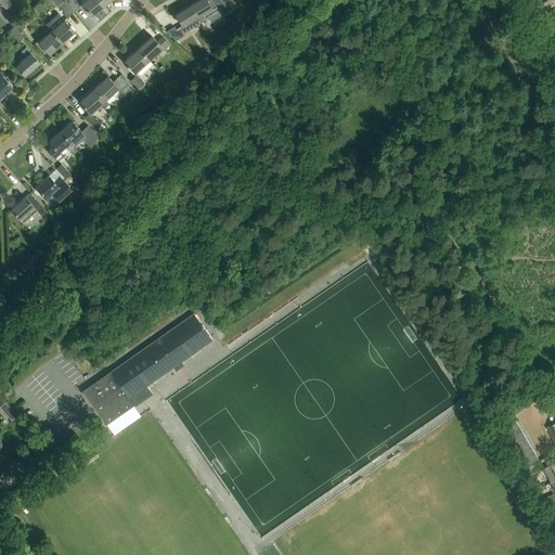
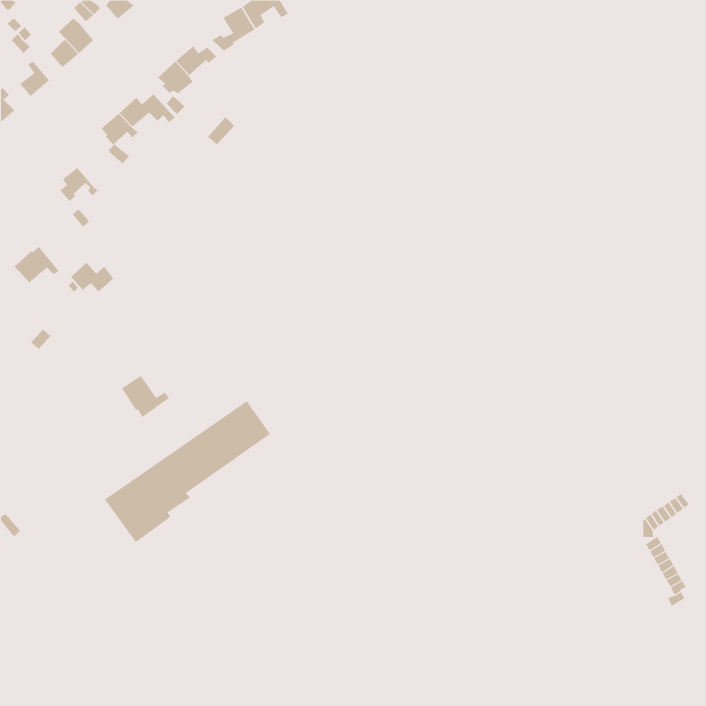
building: [61,120,98,147] -> none
building: [36,176,70,199] -> [70,262,114,292]
building: none -> [121,375,170,418]

